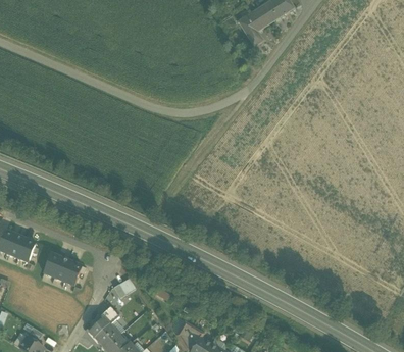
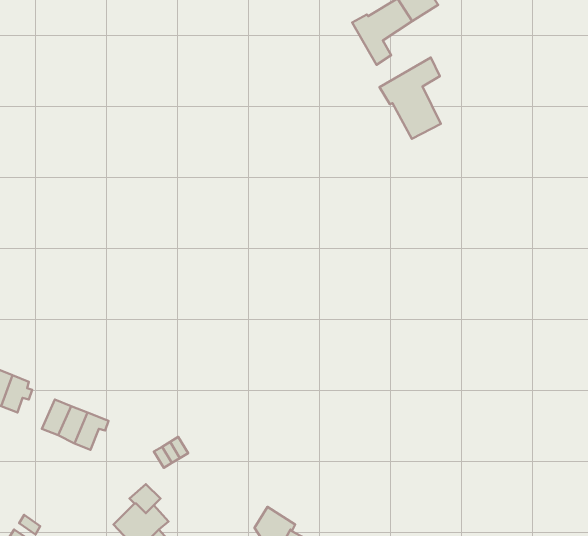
building: none -> [380,58,441,139]

